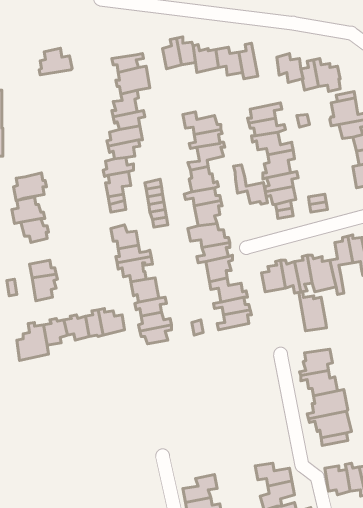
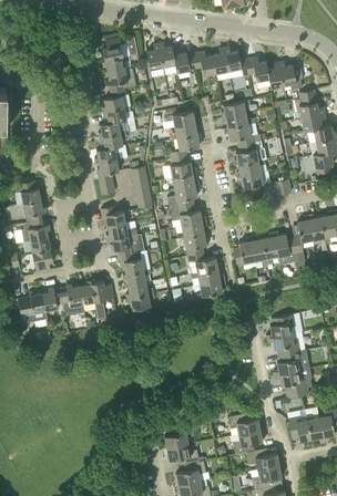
building: none -> [224,46,248,79]
building: [39,48,72,75] -> [101,38,130,61]
building: [234,165,268,204] -> none
building: [14,173,47,201] -> [21,218,50,242]
building: [299,292,327,331] -> none

